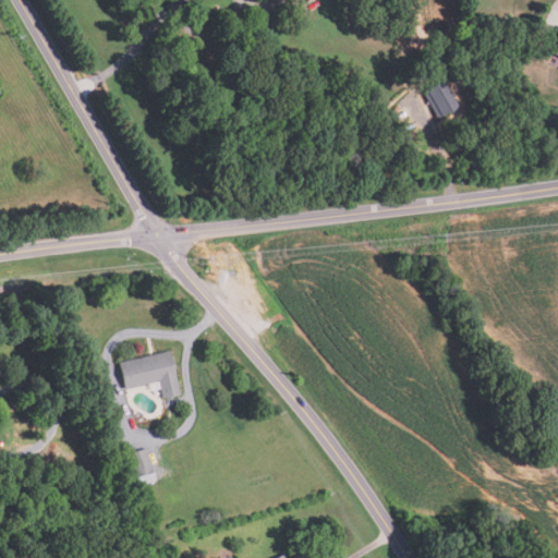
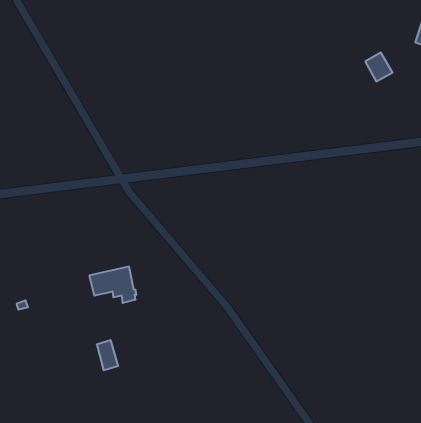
building: [426,78,462,117] -> [365,53,393,81]

